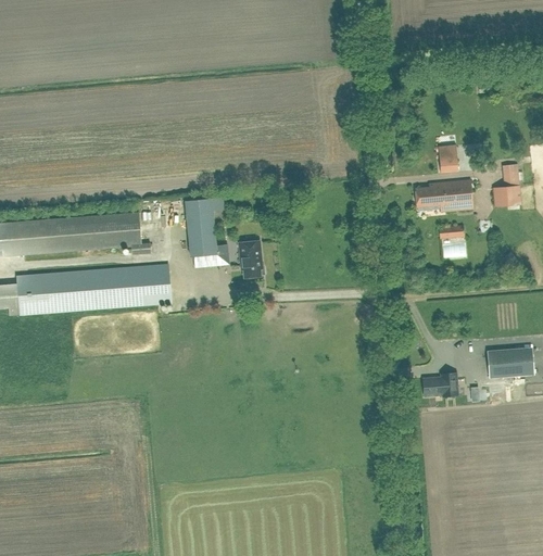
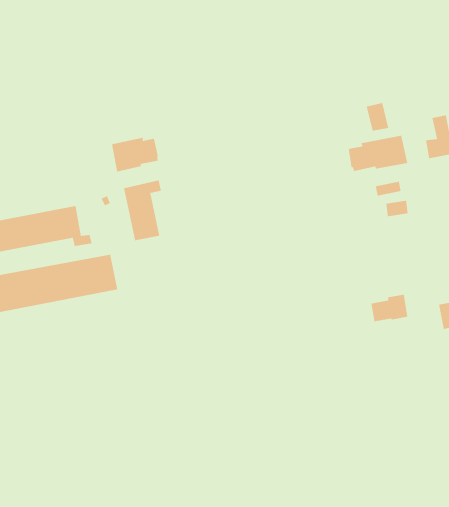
building: none -> [111,137,159,172]
building: [238,240,265,278] -> none
building: [422,372,458,397] -> [370,294,408,322]

